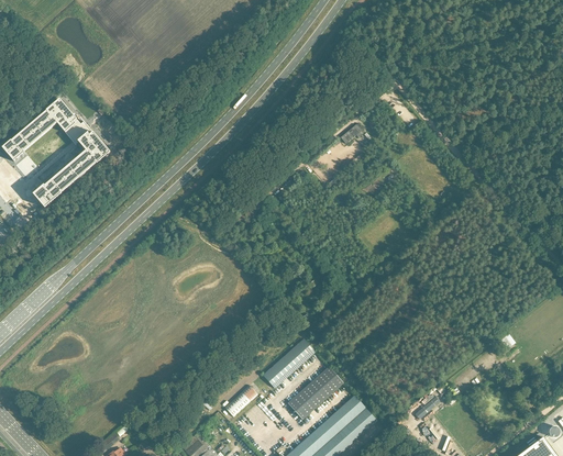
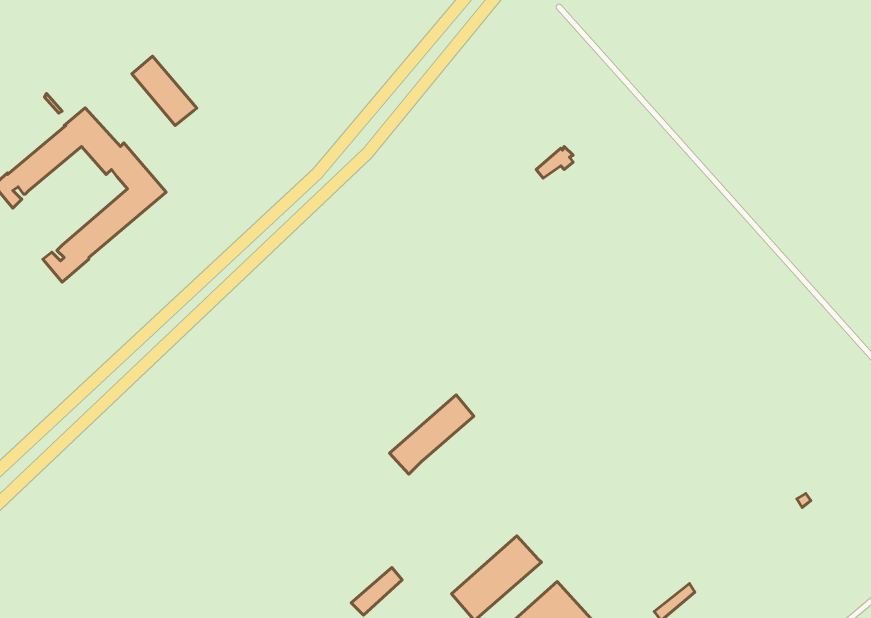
building: none -> [132,56,197,125]
building: [263,338,316,388] -> [389,395,474,474]

